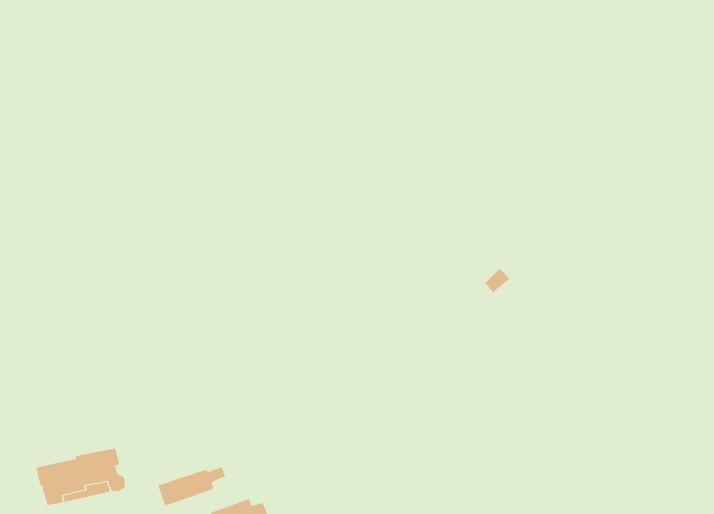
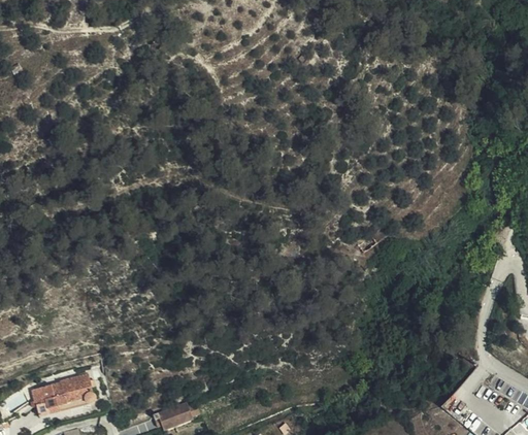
building: [157,467,225,507] -> none

